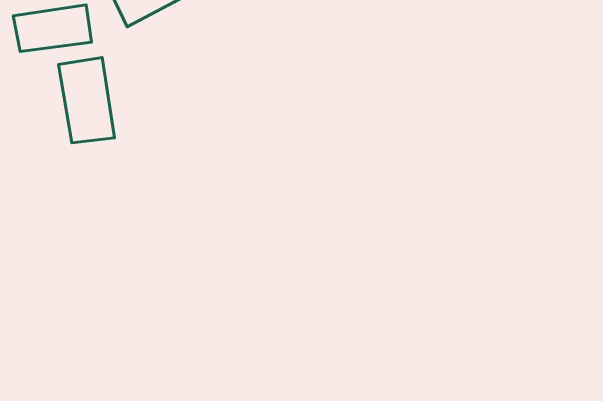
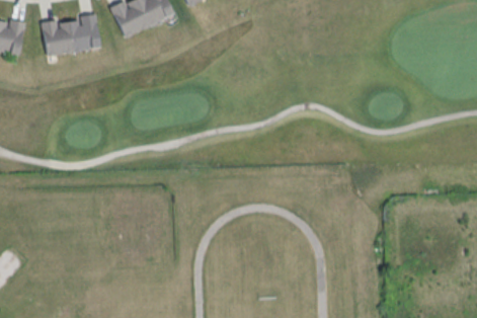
building: [59,58,114,143] -> none

